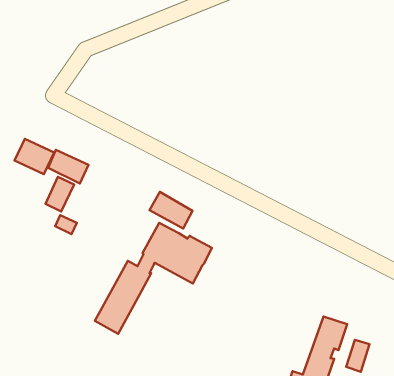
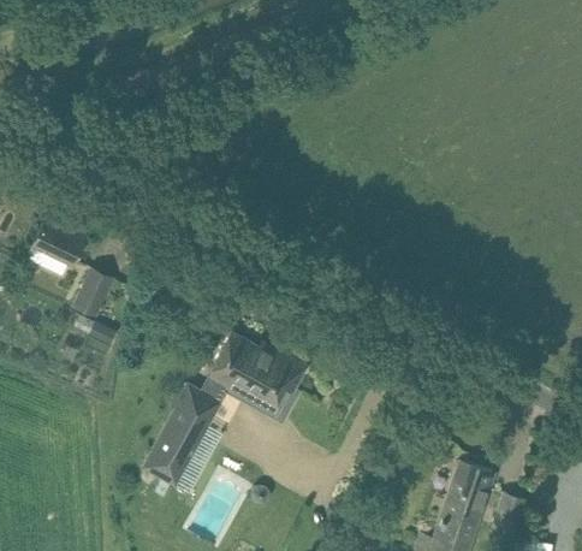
building: [48,150,89,183] -> none
building: [149,192,193,229] -> none

